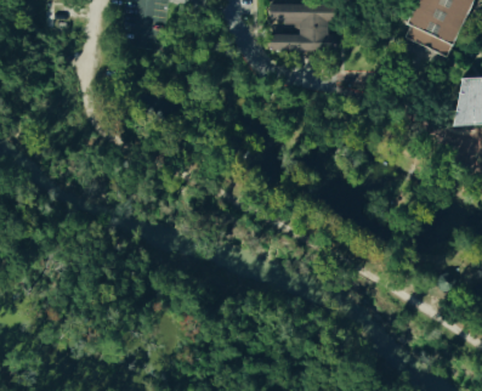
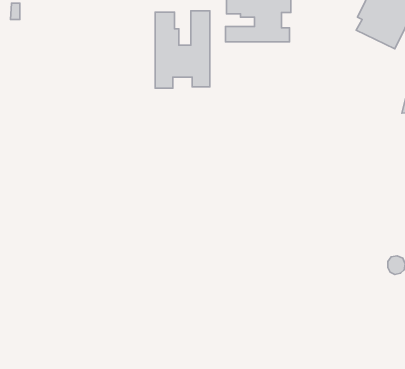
building: none -> [155,11,210,88]

